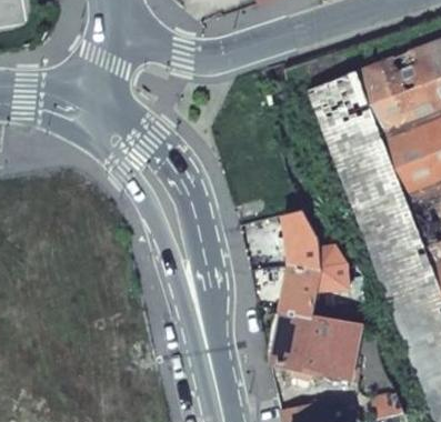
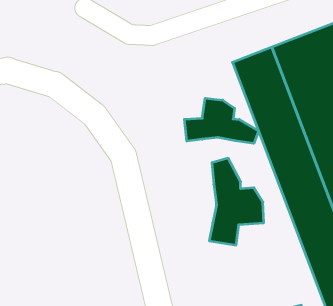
building: none -> [184,98,258,143]
building: [272,309,362,378] -> none

